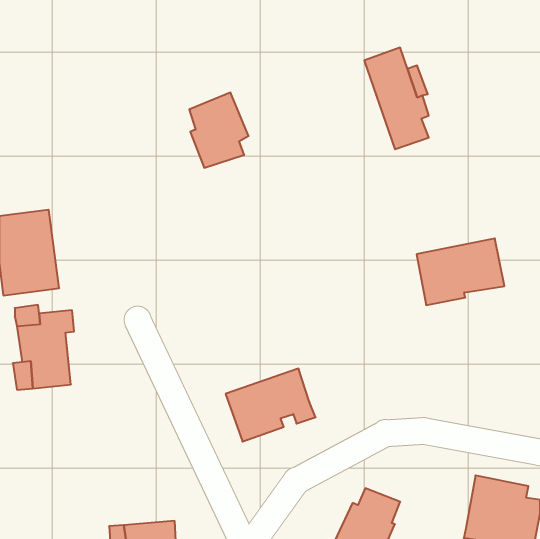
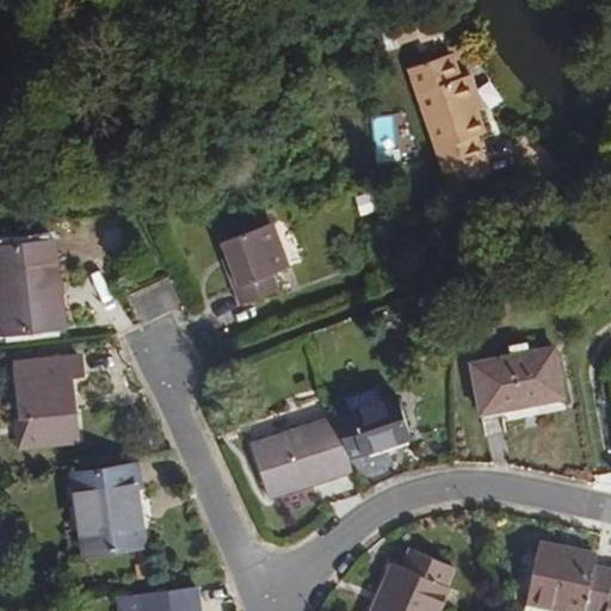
building: [189,93,249,168] -> [221,222,288,307]
building: [417,238,504,305] -> [462,345,561,420]
building: none -> [328,390,407,455]
building: none -> [75,468,146,555]

